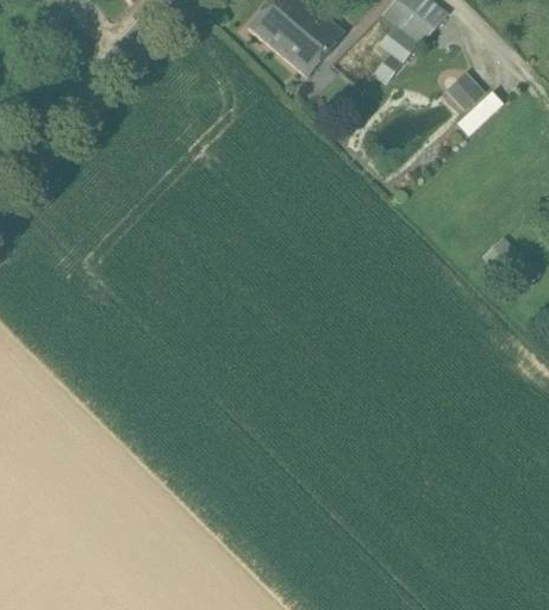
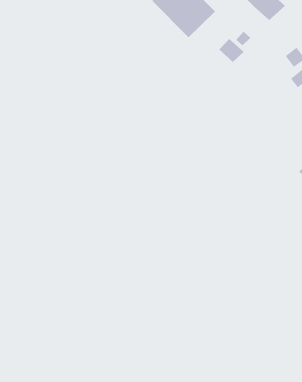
building: [382,21,420,57] -> [219,38,244,63]

